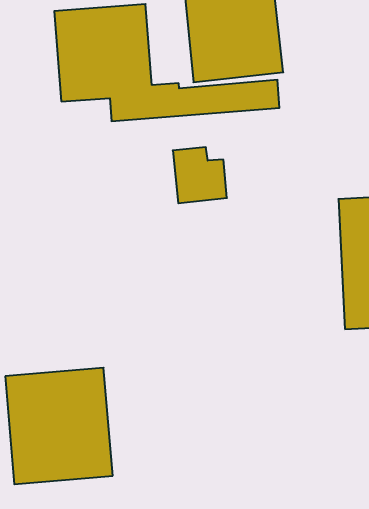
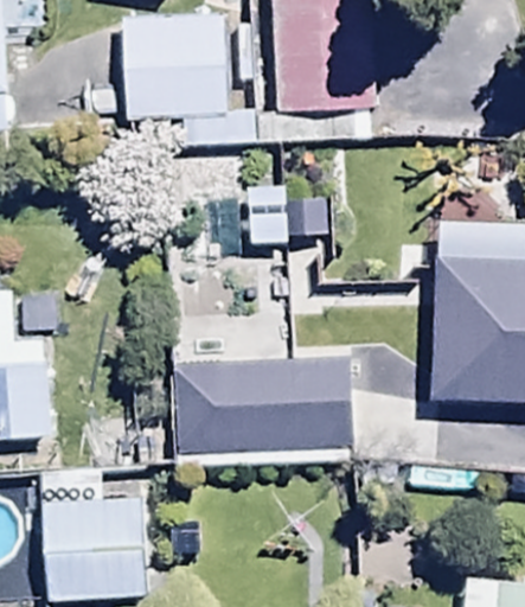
building: none -> [173,356,357,469]

